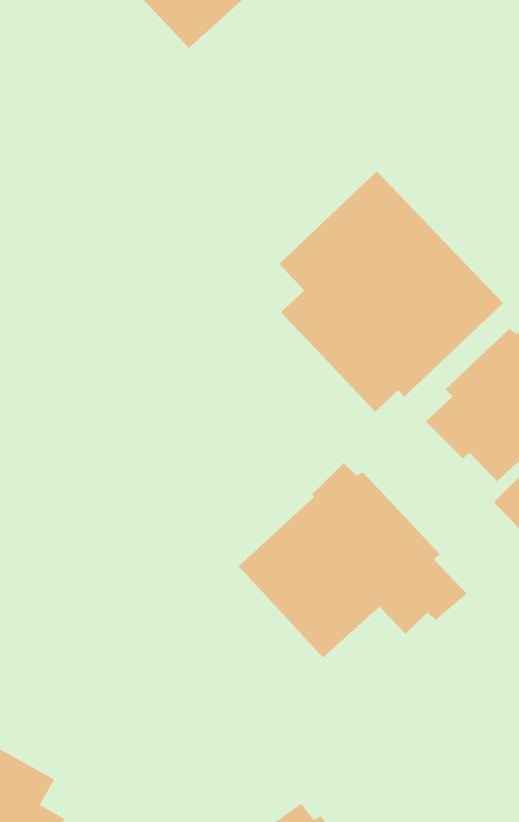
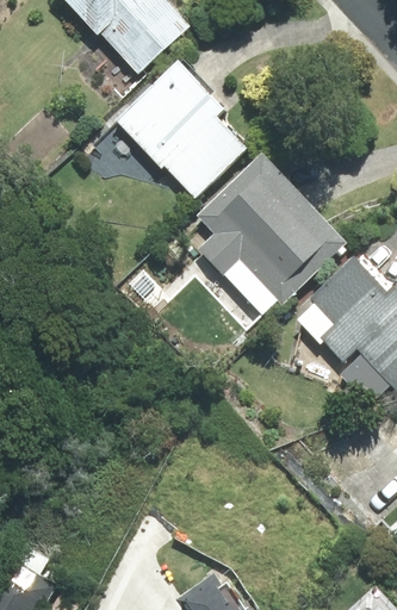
building: none -> [116,62,246,195]
building: [238,462,467,658] -> none

